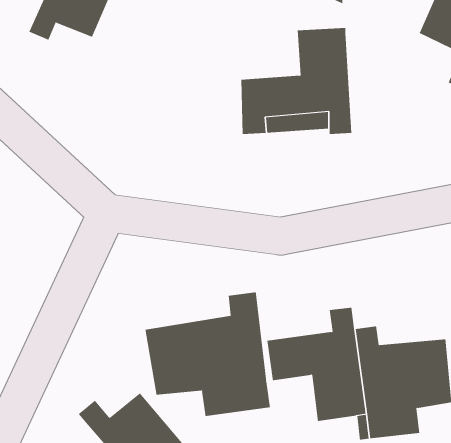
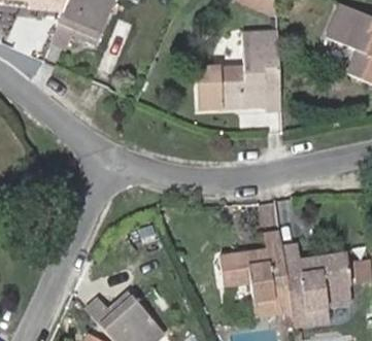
building: [145,292,270,417] -> none

